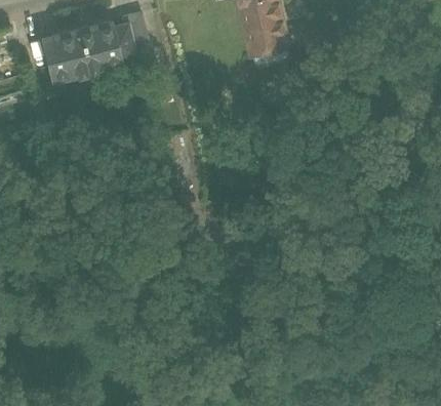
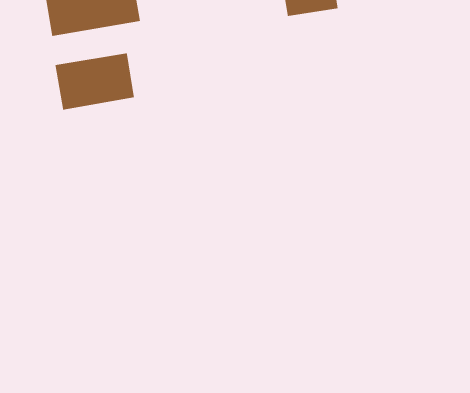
building: none -> [55,53,135,111]

